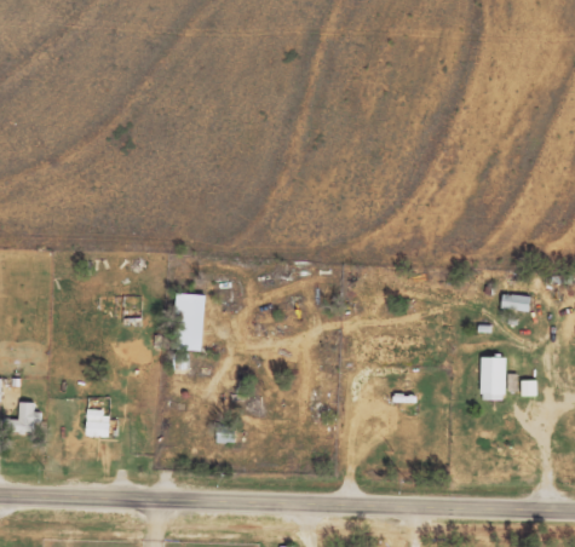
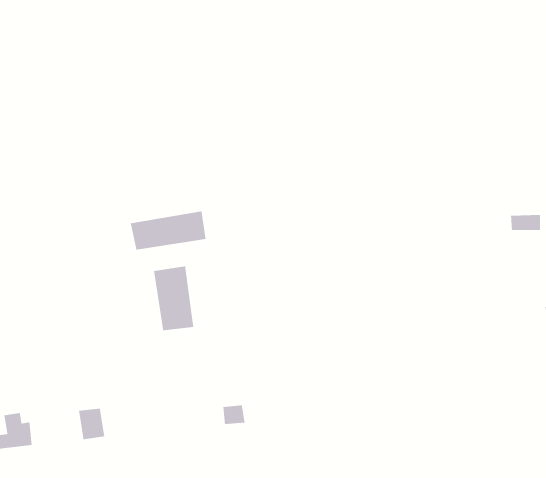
building: none -> [130,210,207,251]
building: [481,356,506,398] -> none

